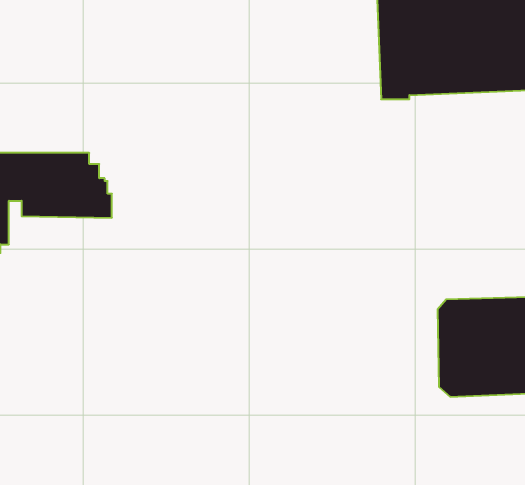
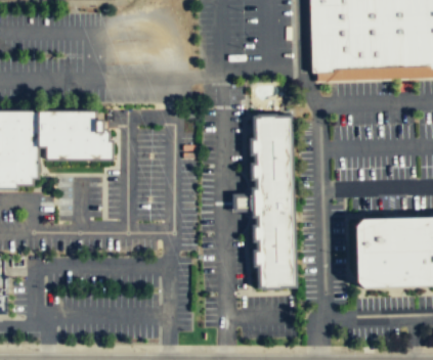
building: none -> [250,117,292,286]

